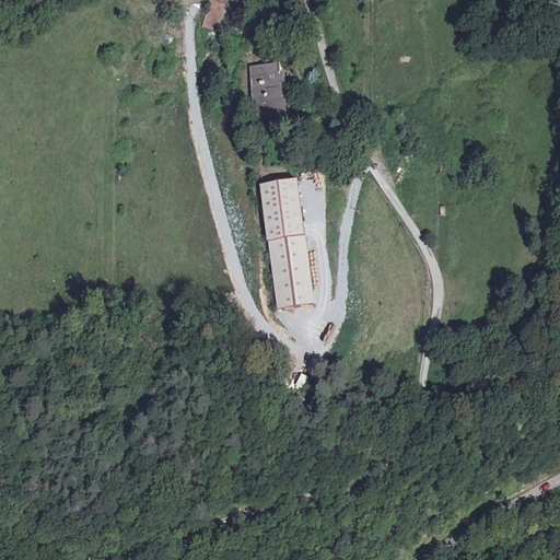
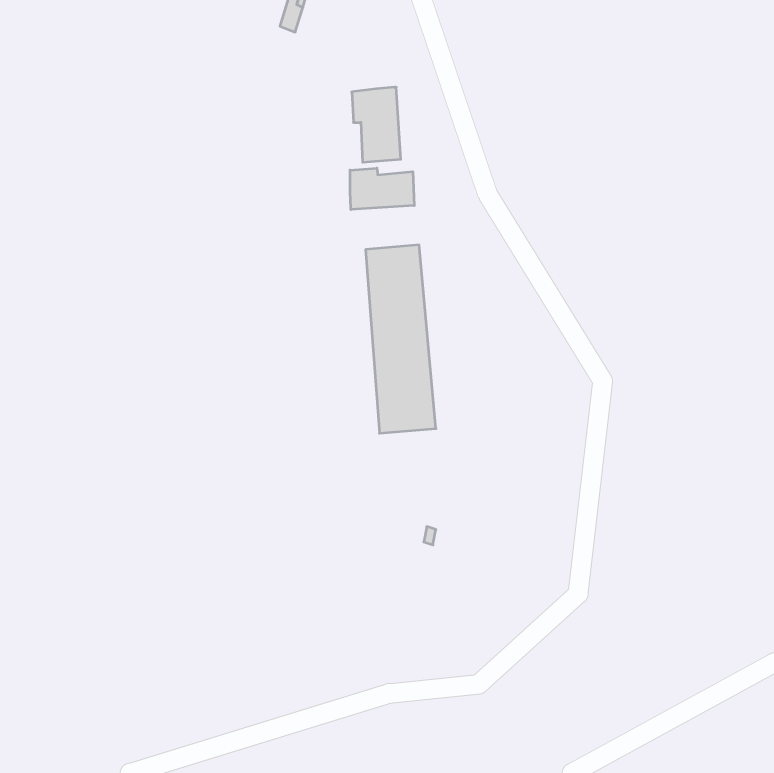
building: none -> [350,168,414,210]

